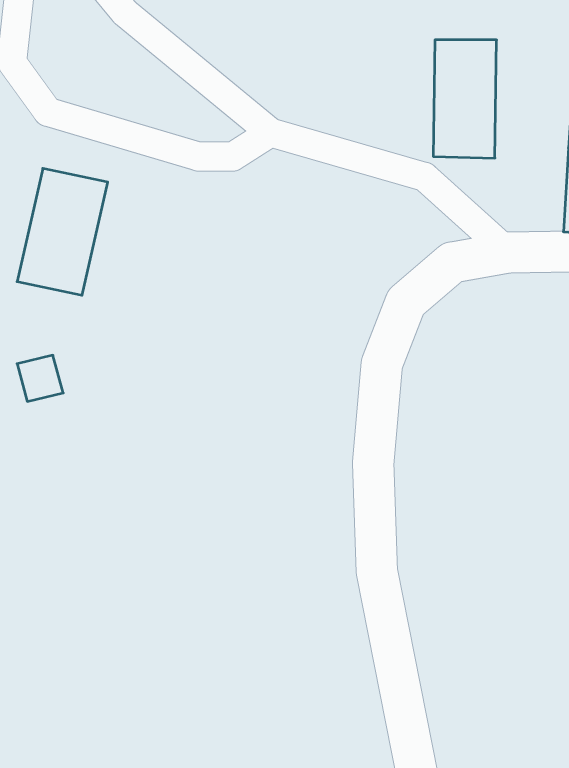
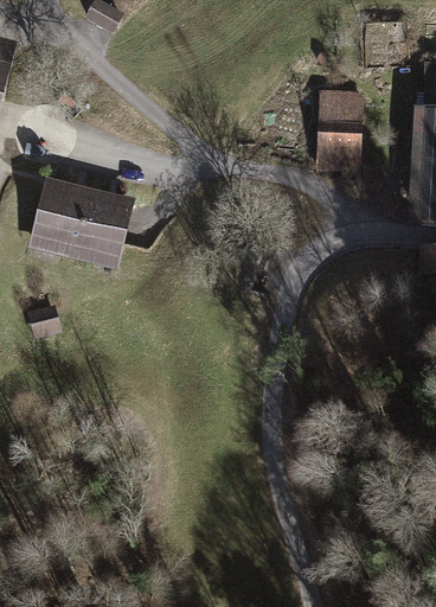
building: none -> [72,187,135,275]

